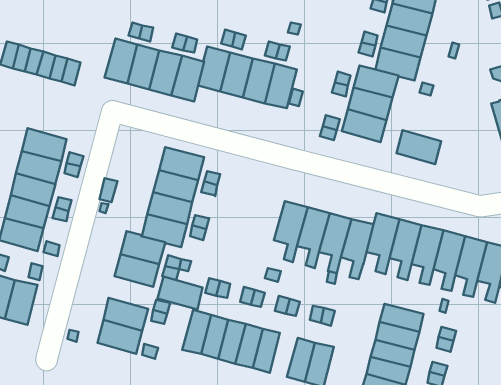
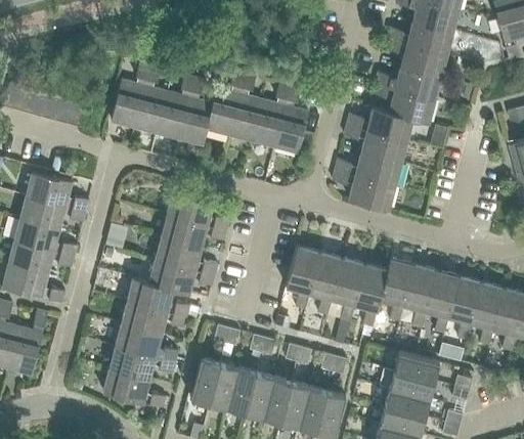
building: [396,130,441,164] -> [348,175,394,210]
building: [158,276,202,309] -> [115,323,161,357]
building: none -> [280,382,309,427]

